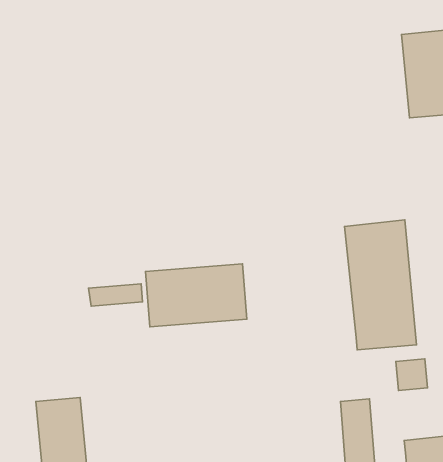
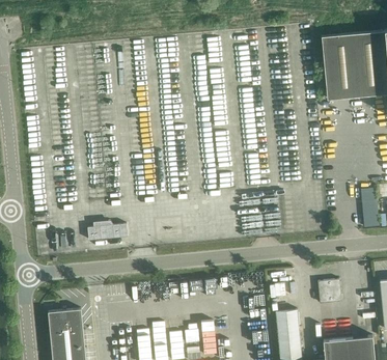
building: [344,220,417,350] -> none
building: [145,264,247,327] -> none

